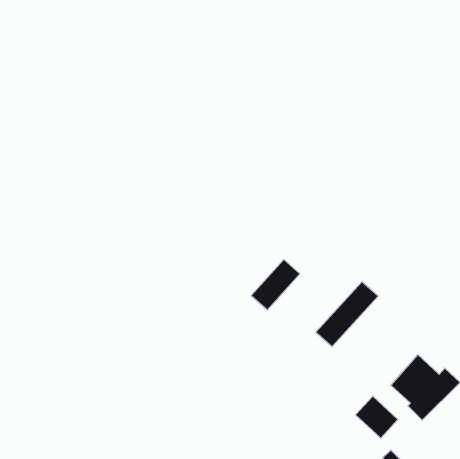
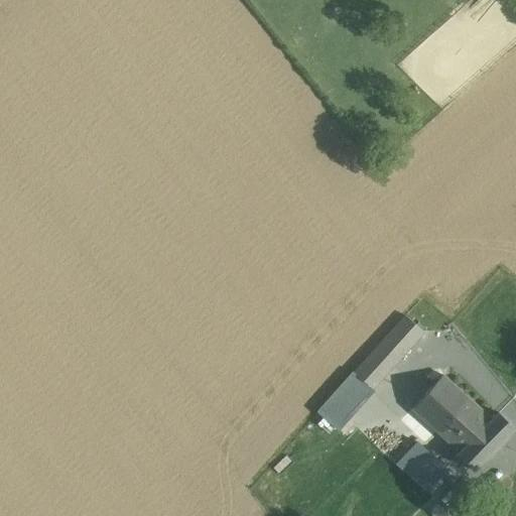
building: [251,260,300,310] -> [317,373,372,429]
building: none -> [411,376,468,432]

